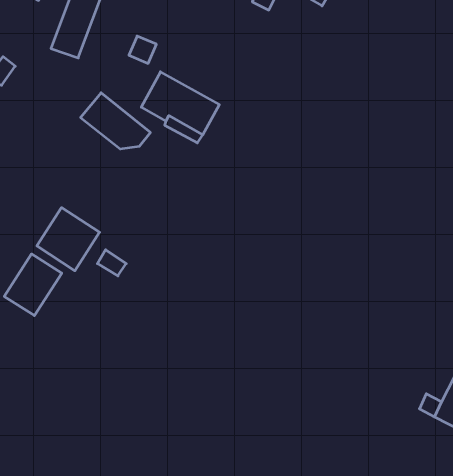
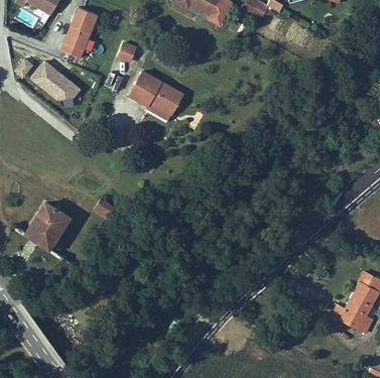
building: [81,93,150,149] -> [28,59,80,101]
building: [37,208,100,271] -> none

